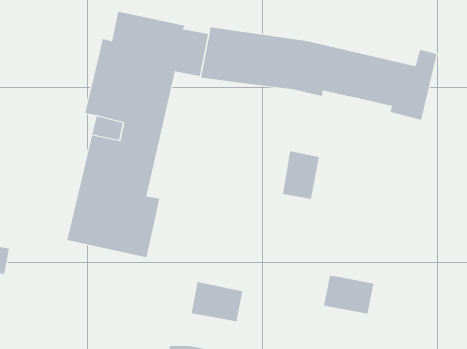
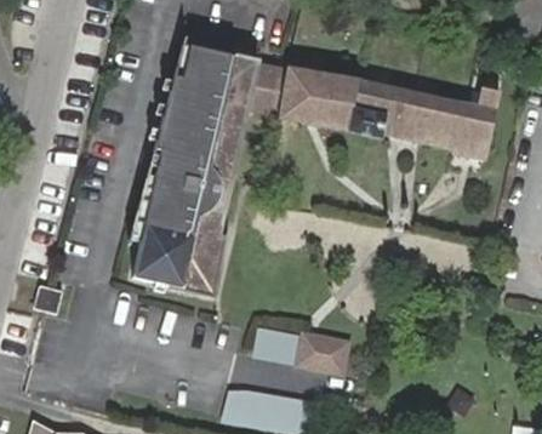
building: [282,151,320,200] -> none
building: [323,275,374,314] -> [298,333,350,373]

